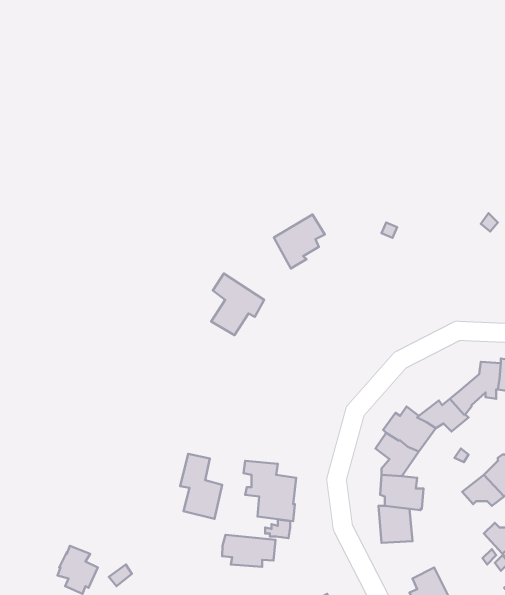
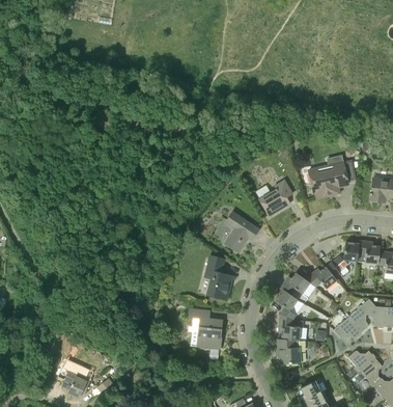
building: [274,214,325,269] -> [257,181,291,217]
building: none -> [308,162,347,198]
building: [211,273,264,335] -> [223,212,258,253]
building: [180,454,222,519] -> [203,256,231,300]
building: [222,535,275,567] -> none

